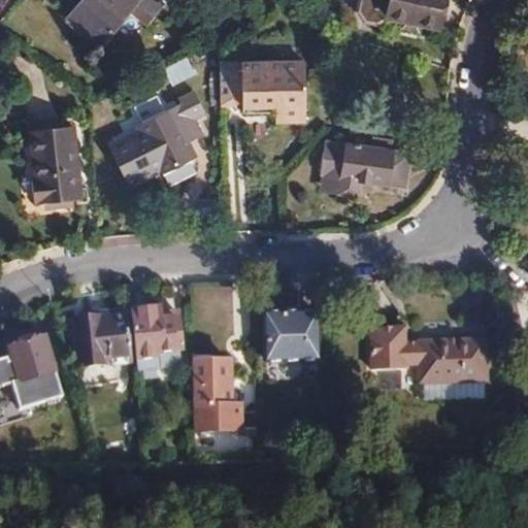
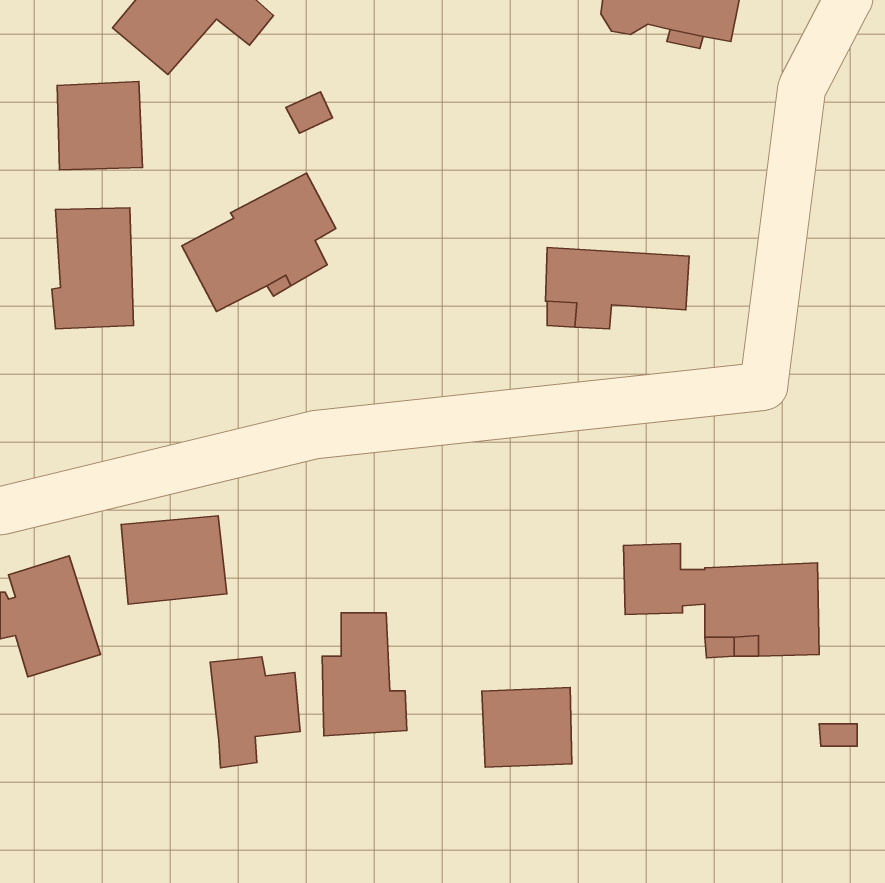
building: none -> [57,82,142,170]
building: [222,63,307,122] -> none
building: [130,304,184,370] -> [210,657,300,768]
building: [264,314,318,361] -> [482,688,572,767]

